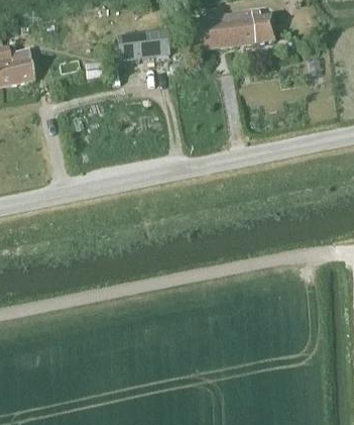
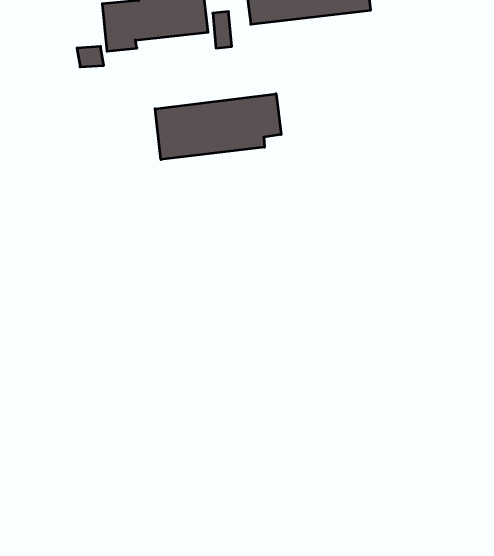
building: none -> [155,94,281,160]

